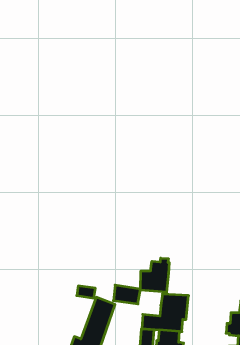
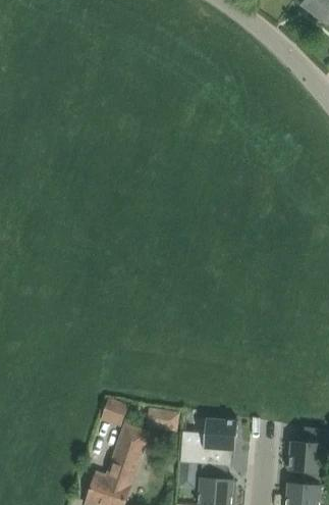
building: [140,258,169,292] -> none

